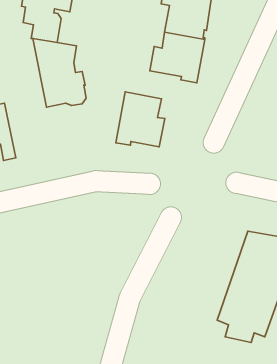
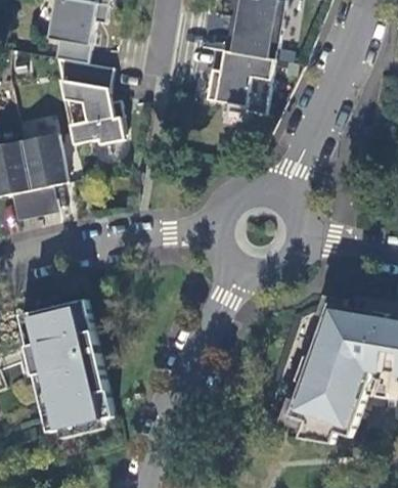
building: [116,92,165,147] -> none
building: none -> [19,132,65,214]
building: none -> [18,299,113,432]

